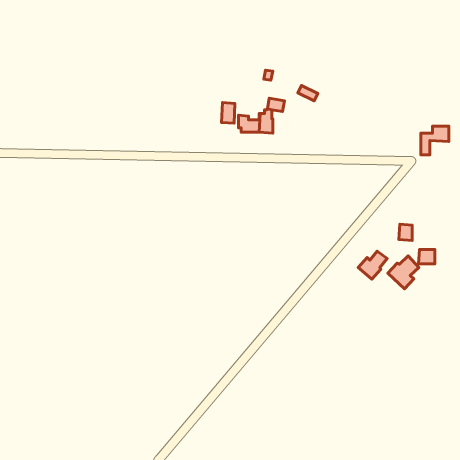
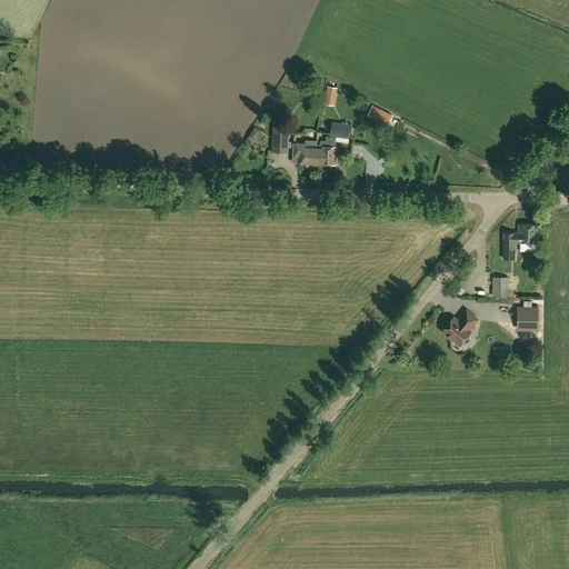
building: [421,126,449,155] -> [503,224,538,260]
building: [388,256,419,289] -> none

